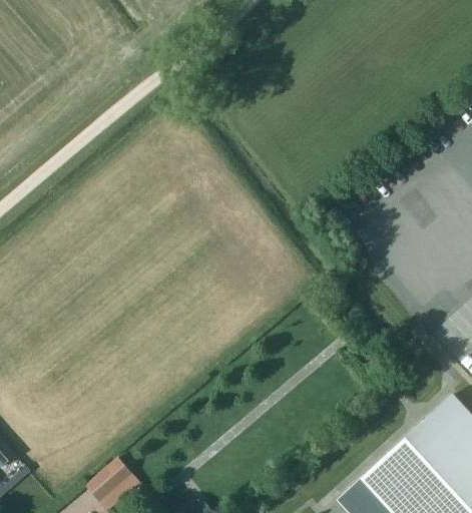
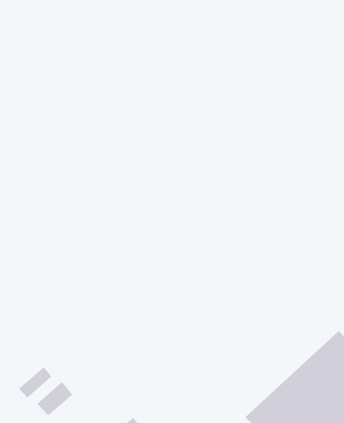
building: none -> [18,366,52,399]

